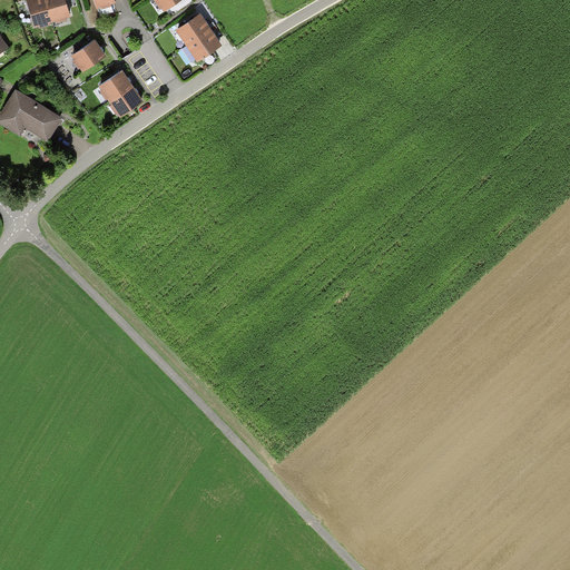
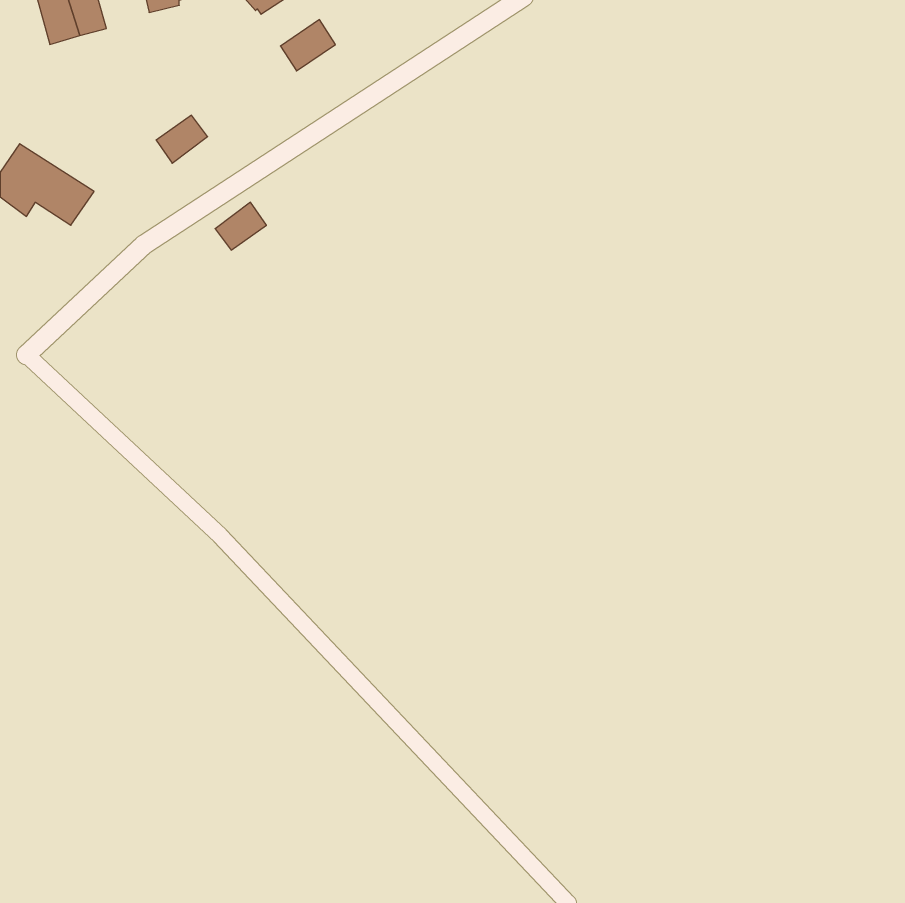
building: [187,28,223,60] -> none
building: [71,40,104,71] -> none
building: [109,86,141,116] -> [215,202,266,250]

